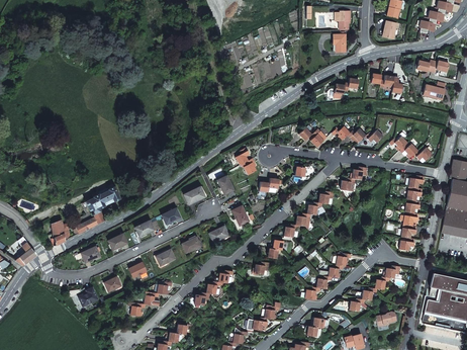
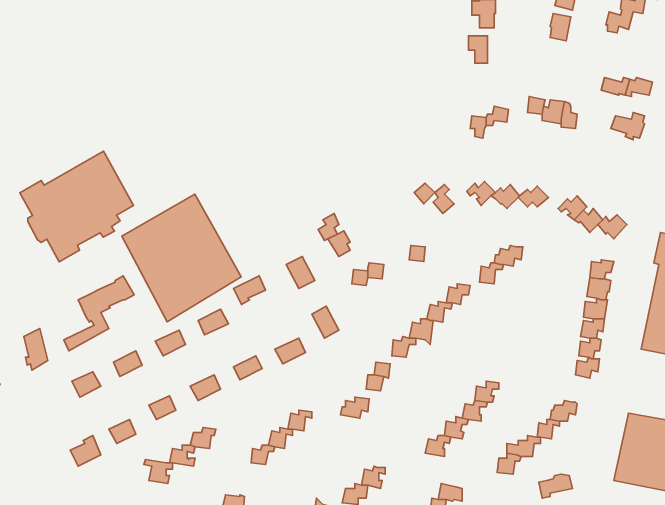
building: none -> [20,151,134,262]
building: none -> [122,194,241,322]

